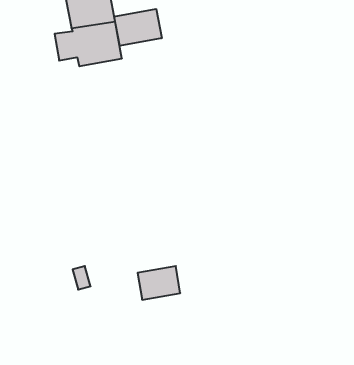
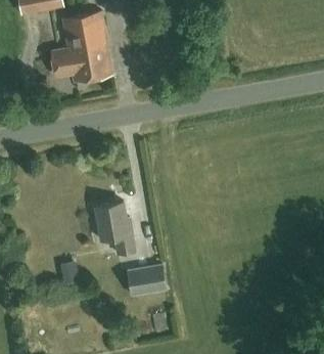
building: [114,9,162,46] -> none
building: none -> [94,201,133,253]

